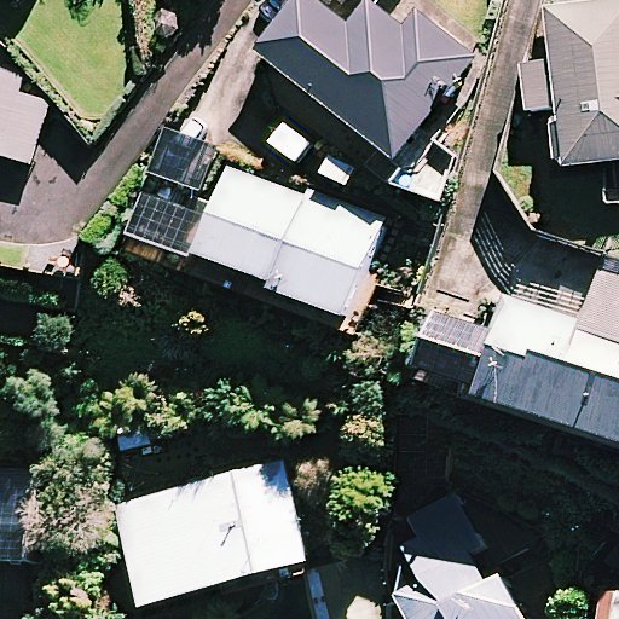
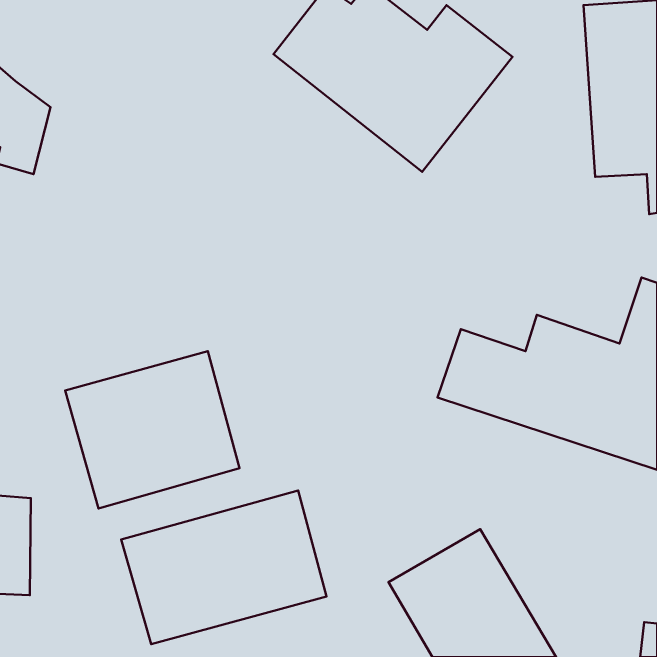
building: [125,164,378,314] -> none
building: none -> [65,351,240,508]

